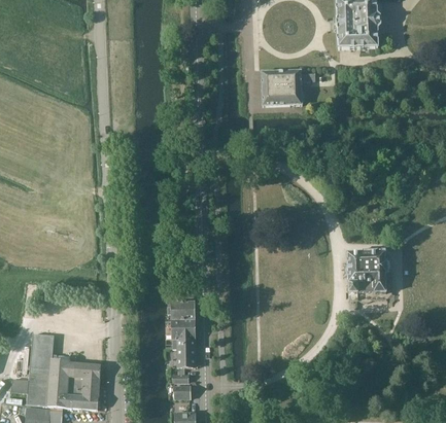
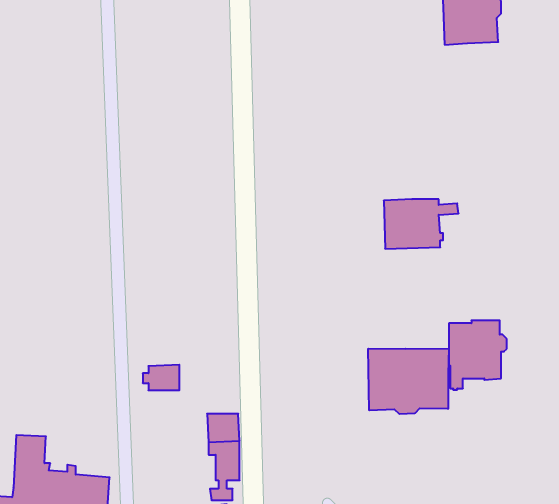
building: [261,71,315,107] -> [384,199,459,249]
building: none -> [368,349,449,414]
building: [167,301,194,319] -> [143,365,179,390]

